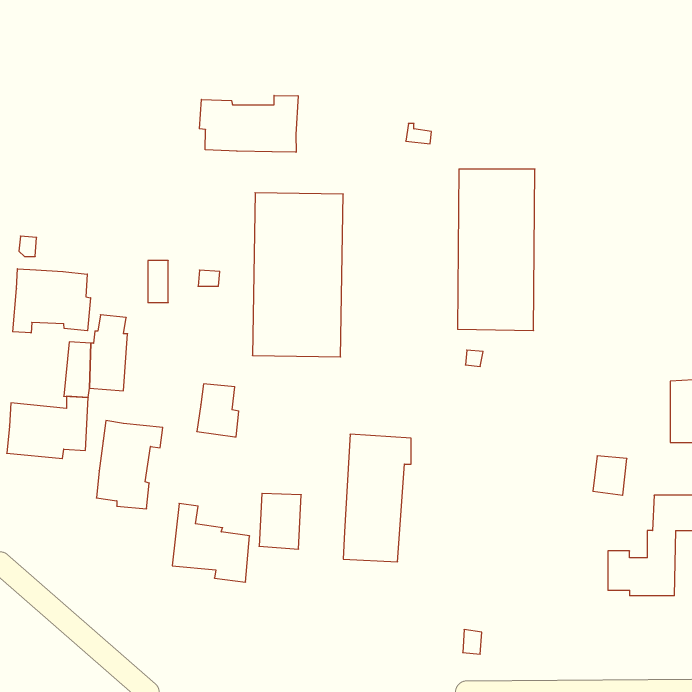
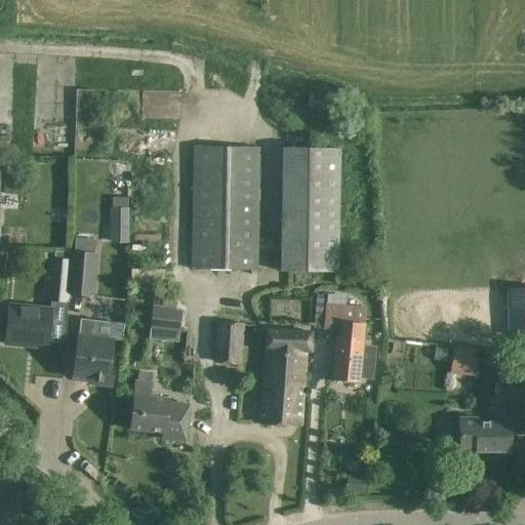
building: [199,95,298,152] -> none
building: [458,169,535,331] -> [282,148,340,270]
building: [13,269,91,333] -> none
building: none -> [324,302,376,380]
building: [259,493,301,549] -> [213,321,245,363]

